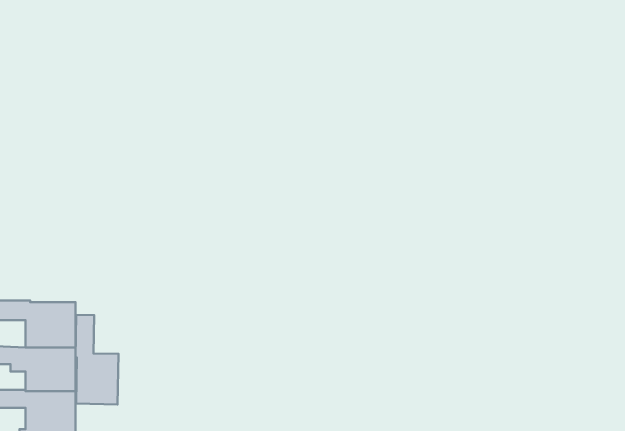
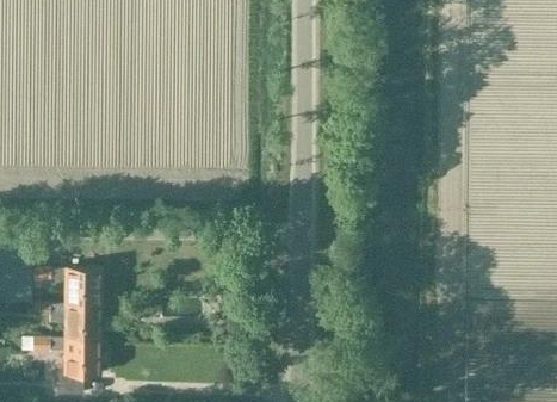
building: [75,315,118,404] -> none

